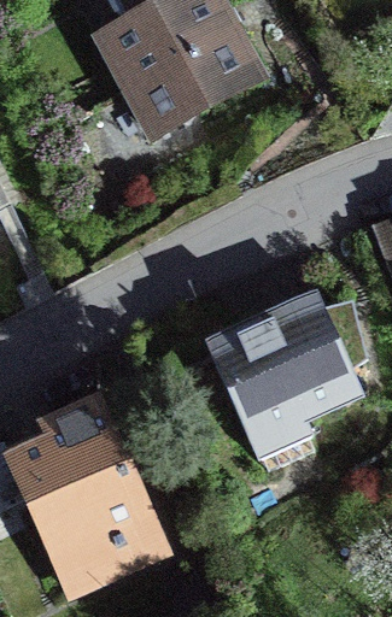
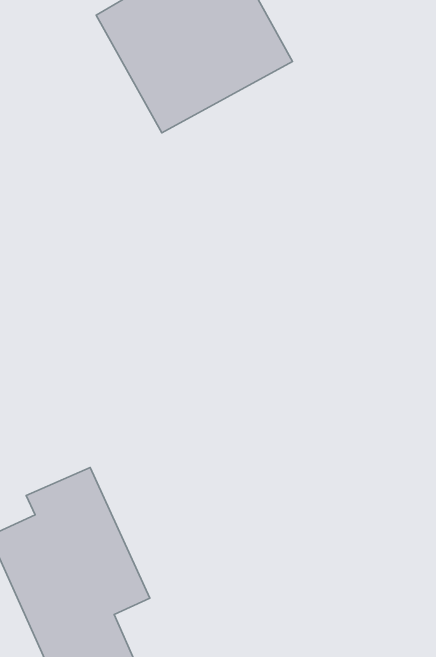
building: [204,294,370,446] -> none

